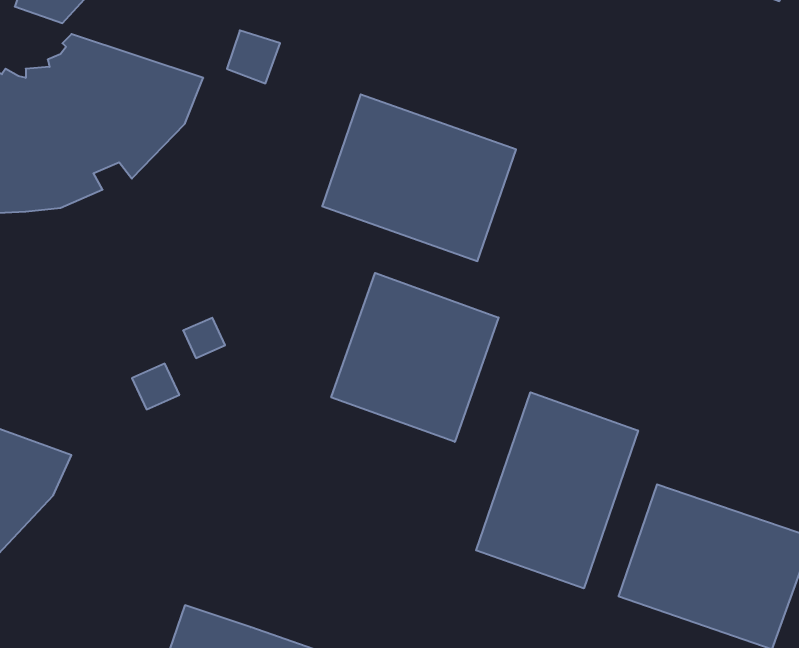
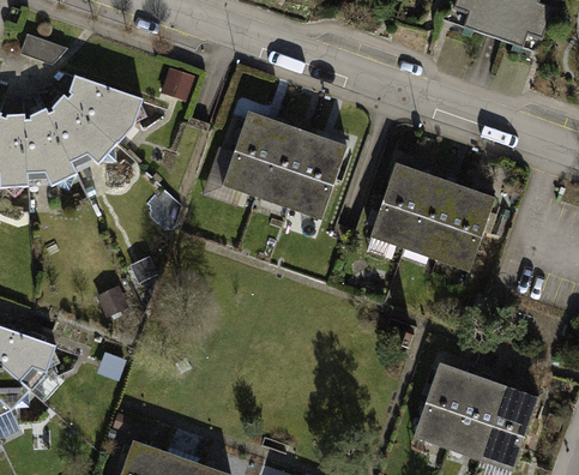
building: none -> [369,162,496,271]
building: [331,273,499,442] -> none
building: [476,392,638,588] -> none

